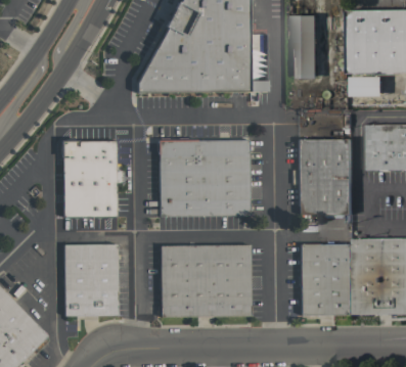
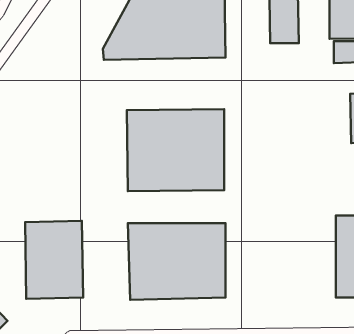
building: [298,138,352,215] -> none
building: [62,141,117,217] -> none
building: [301,244,354,315] -> none

